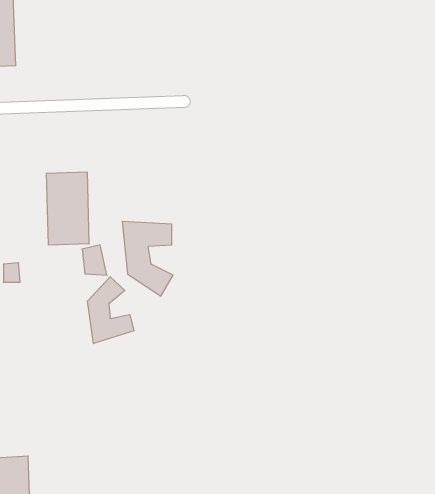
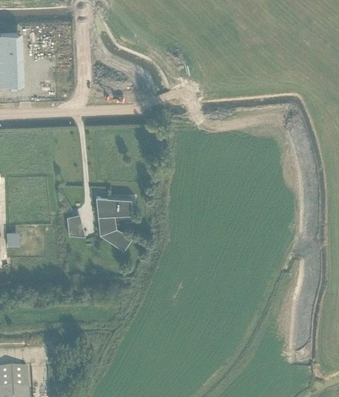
building: [47,172,89,245] -> none
building: [87,277,134,344] -> none

